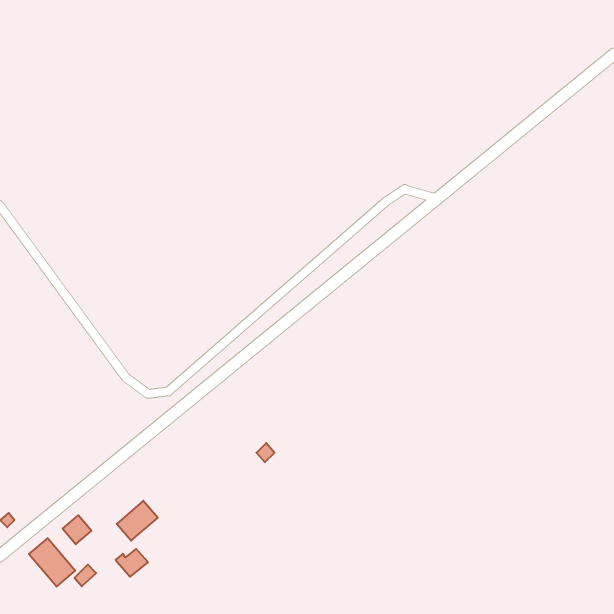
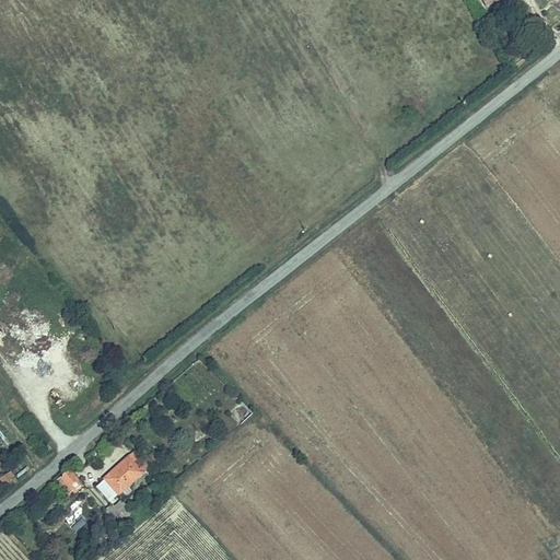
building: [29,538,75,587] -> none

